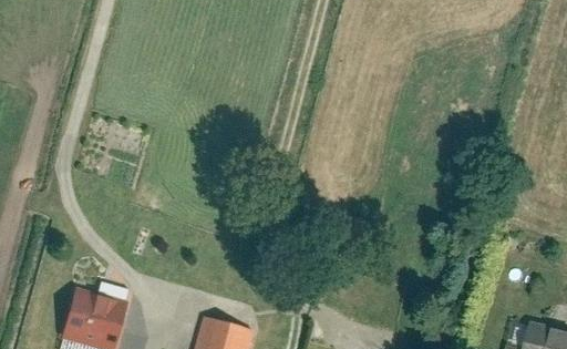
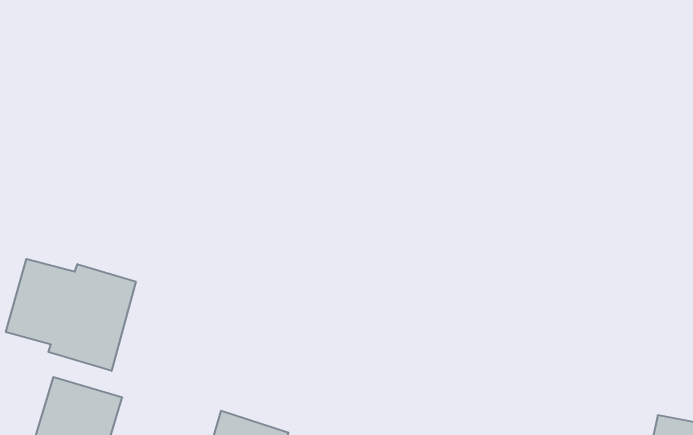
building: none -> [6,259,136,371]

